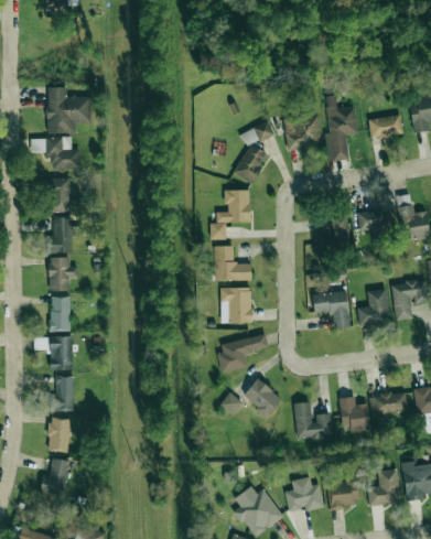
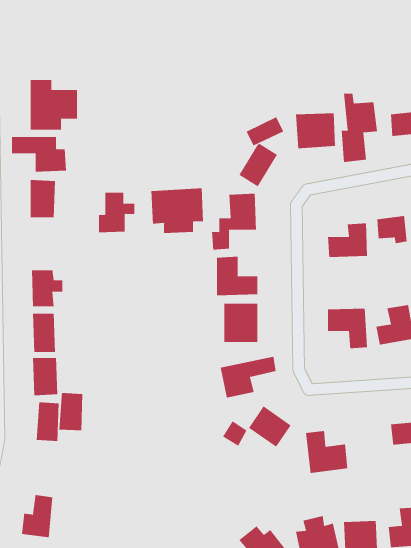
building: none -> [151,188,204,234]
building: [47,217,80,254] -> [98,192,135,233]
building: [338,397,370,432] -> none
building: [47,418,69,452] -> [59,393,83,431]

